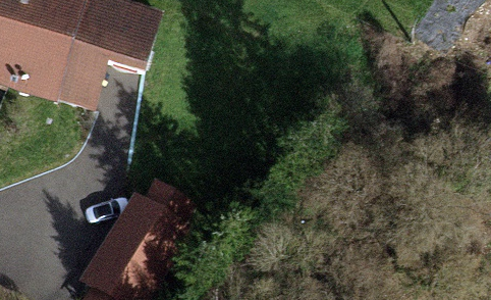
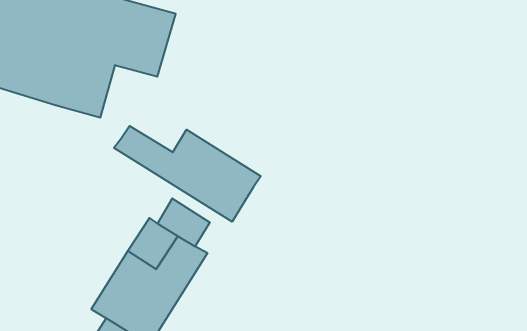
building: none -> [114,126,261,222]

